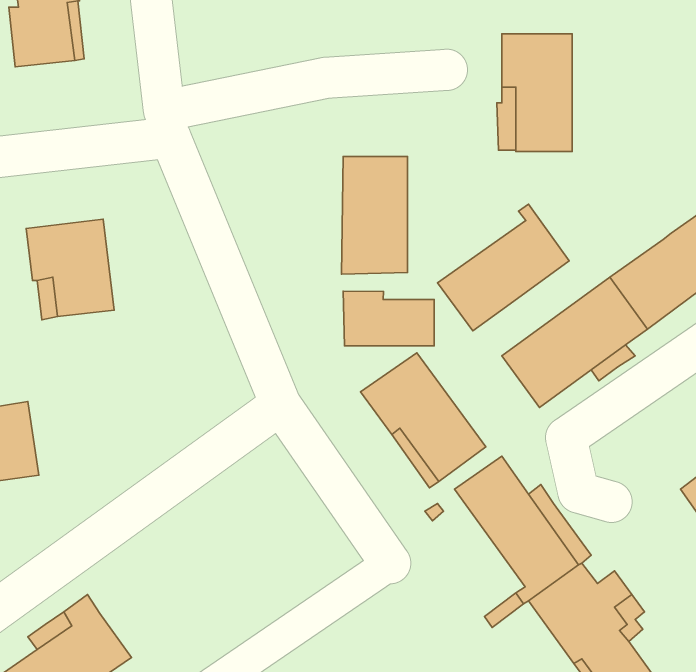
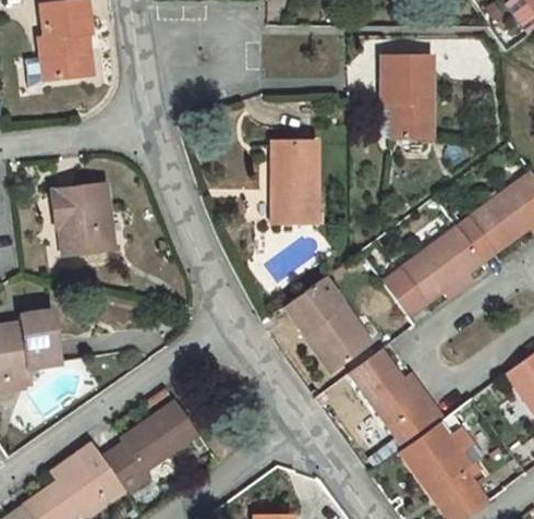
building: [438,204,569,331] -> none
building: [343,291,434,346] -> none
building: none -> [104,401,199,493]

